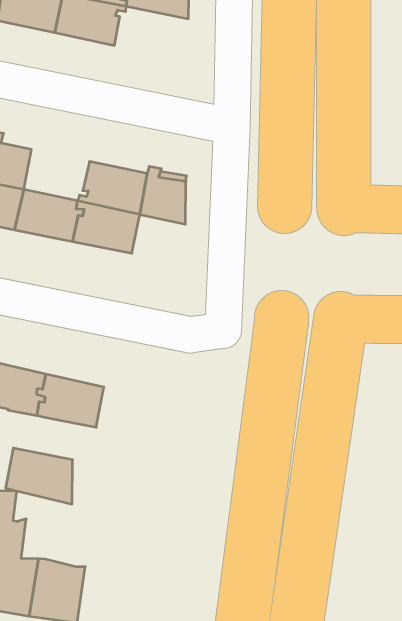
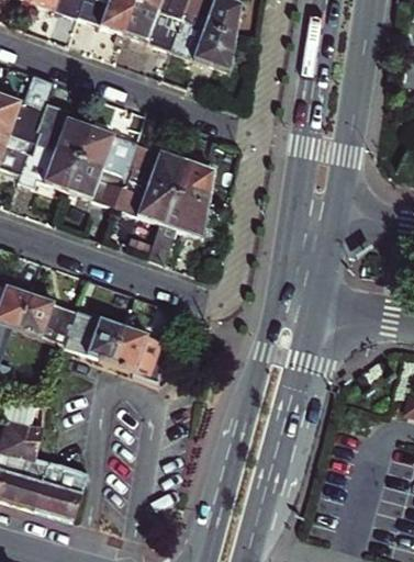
building: none -> [170,20,234,71]
building: none -> [79,126,136,173]
building: none -> [148,192,208,262]
building: [6,448,73,504] -> [111,329,169,382]

